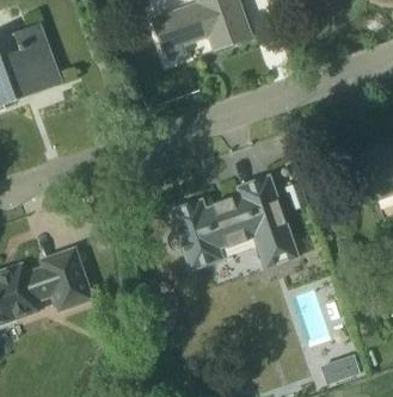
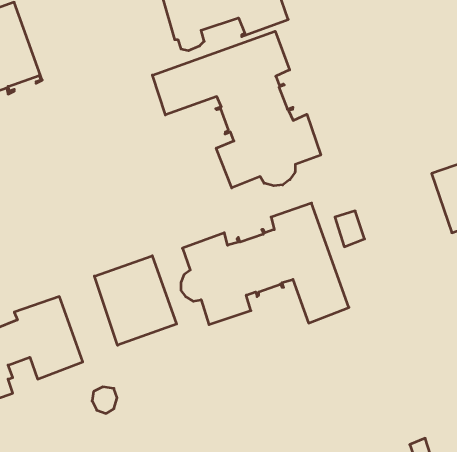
building: none -> [152,31,321,188]
building: none -> [94,256,177,345]

